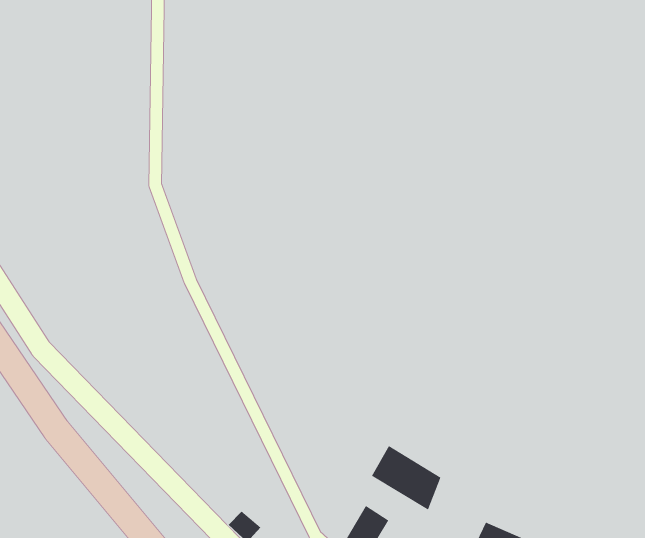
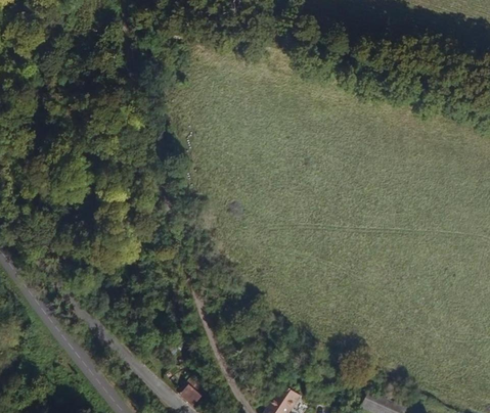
building: [371,445,441,511] -> none

